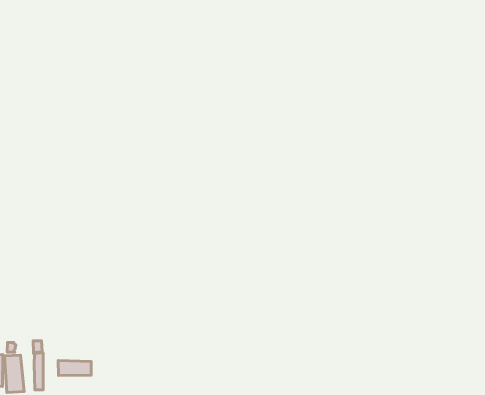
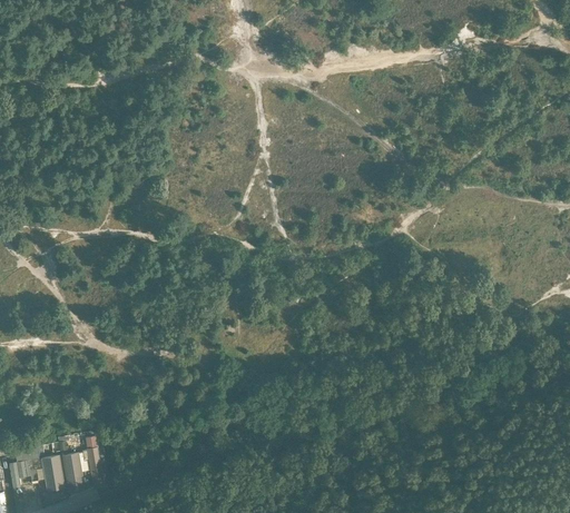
building: [58,361,91,375] -> none

